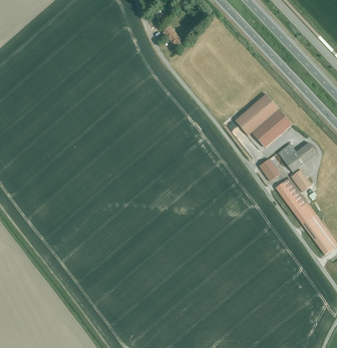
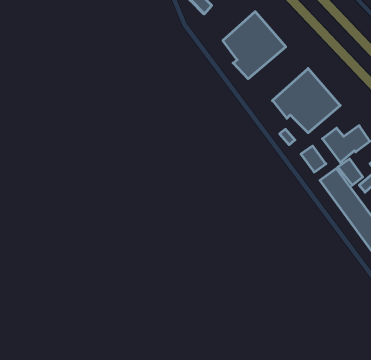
building: none -> [223,12,286,79]

